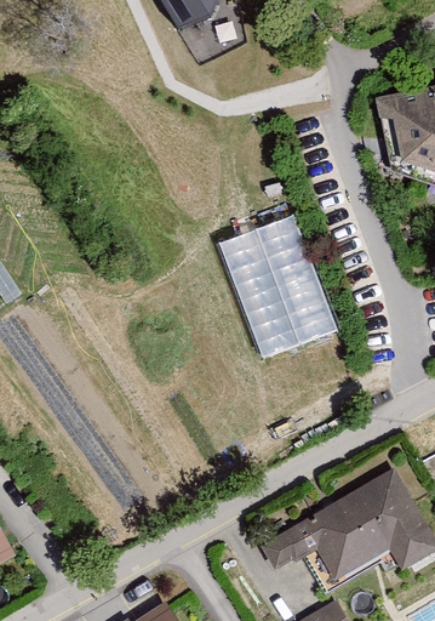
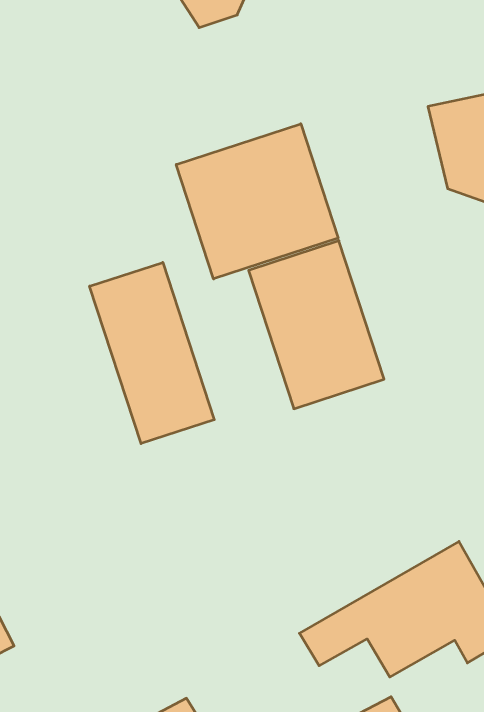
building: none -> [176,124,338,279]
building: none -> [90,262,214,444]

